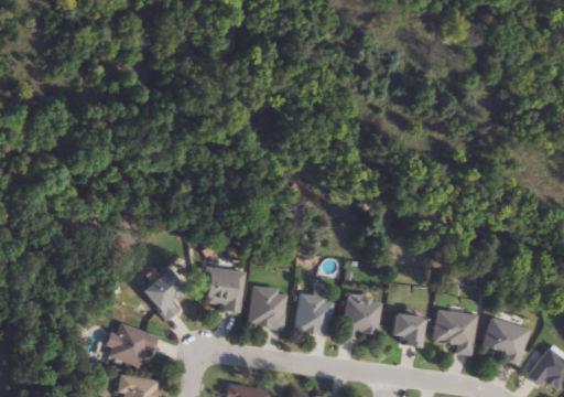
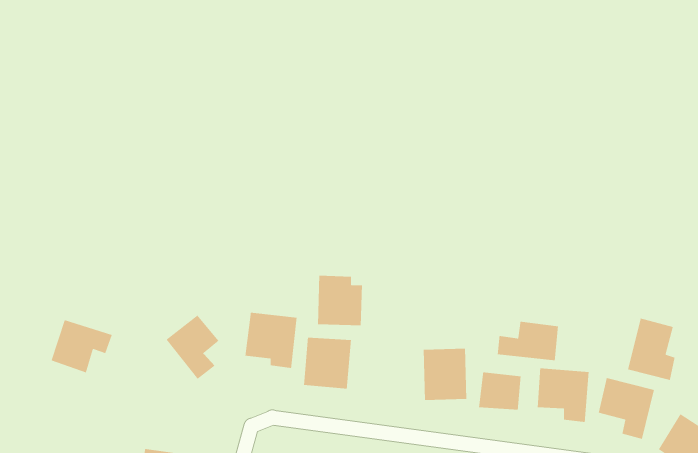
building: none -> [627,318,676,381]
building: none -> [497,321,559,361]
building: [295,292,332,333] -> [317,275,363,326]
building: [109,323,159,366] -> [50,319,113,373]

